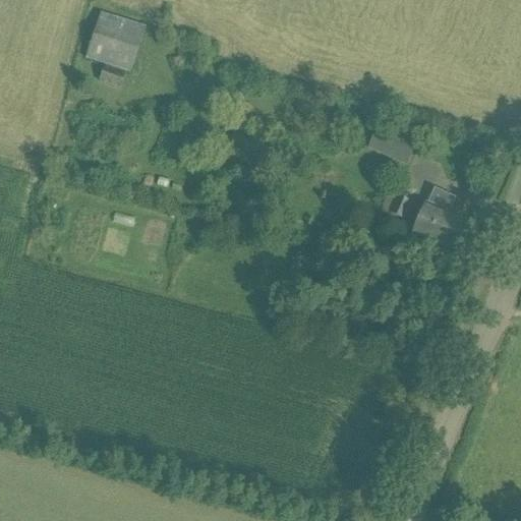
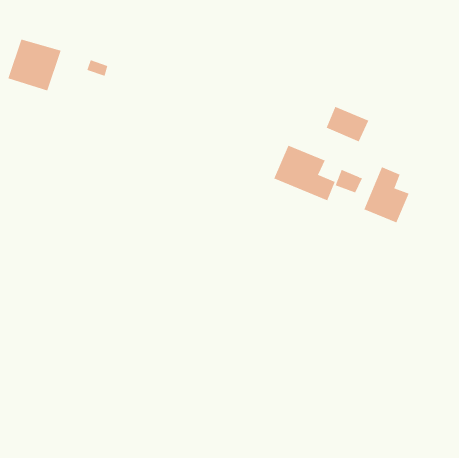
building: [84,11,146,70] -> [7,39,61,91]
building: none -> [274,145,335,201]

